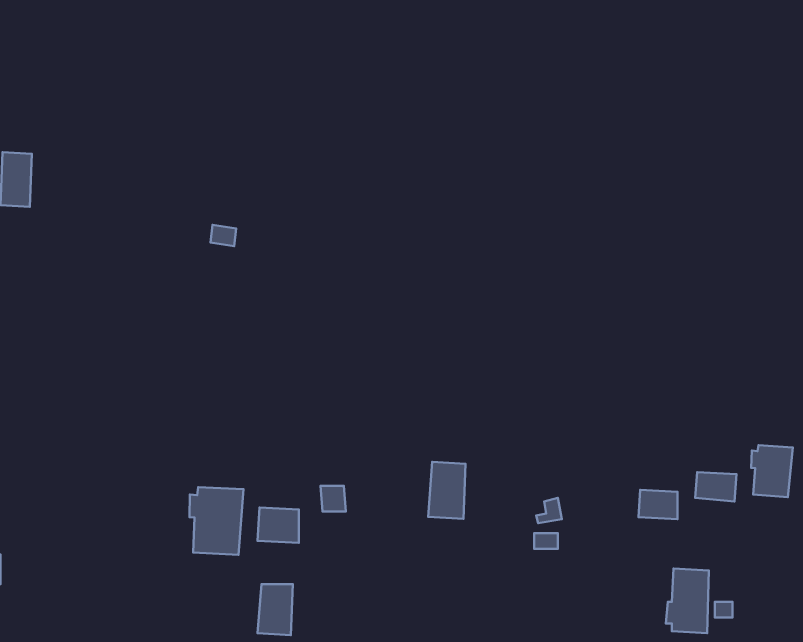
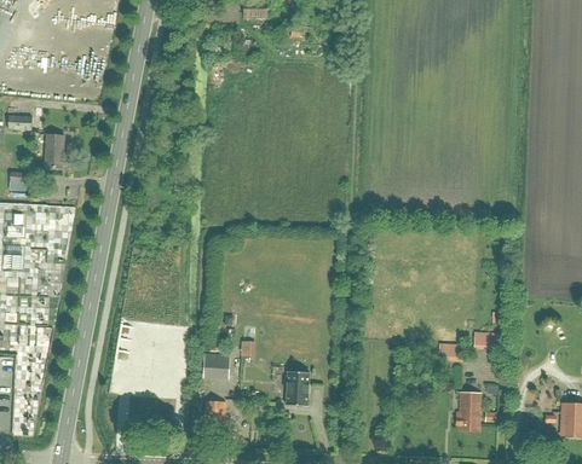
building: [751,445,793,497] -> none
building: [428,462,466,519] -> [286,370,309,405]
building: [190,487,243,555] -> none

